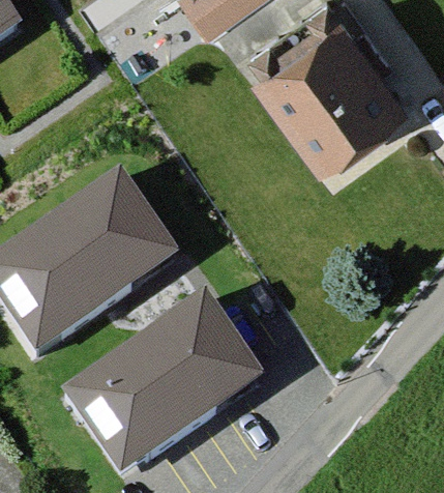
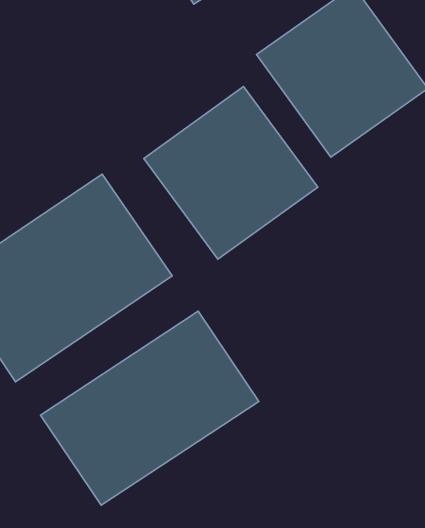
building: none -> [144,87,318,259]

